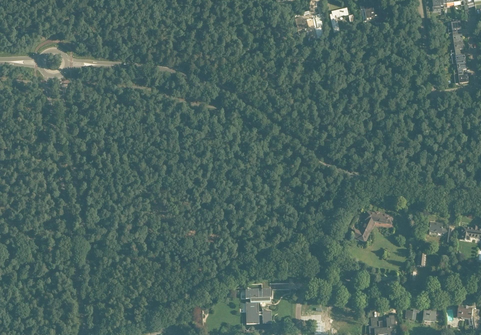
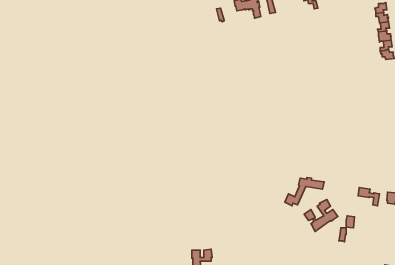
building: none -> [304,199,338,231]

